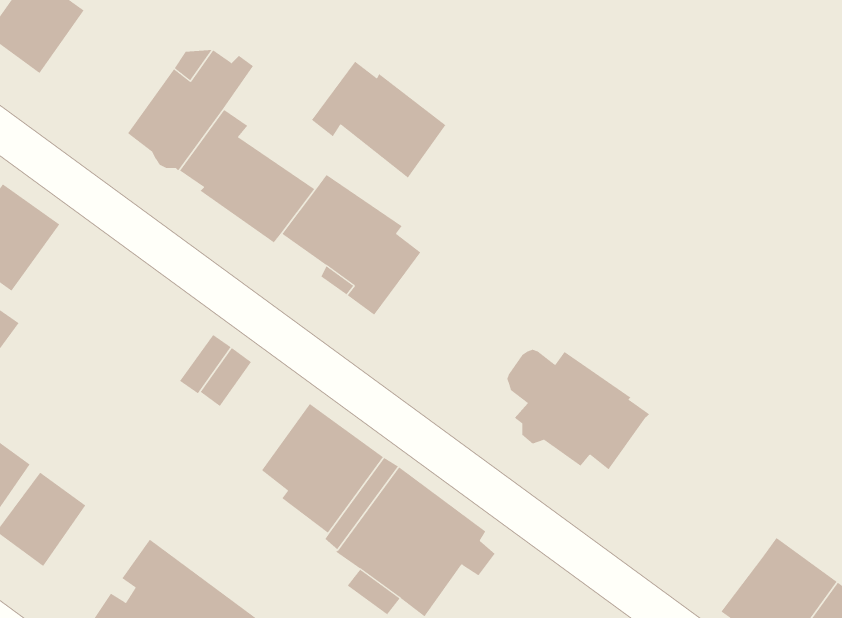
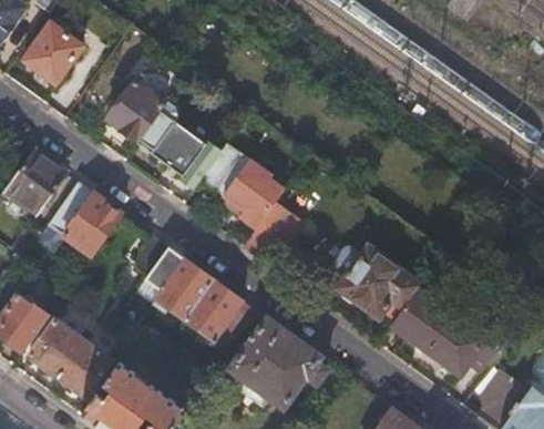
building: [311,61,446,178] -> none
building: none -> [48,182,123,256]
building: none -> [240,202,300,265]
building: none -> [152,257,215,319]
building: none -> [391,288,499,375]
building: none -> [57,340,110,397]

